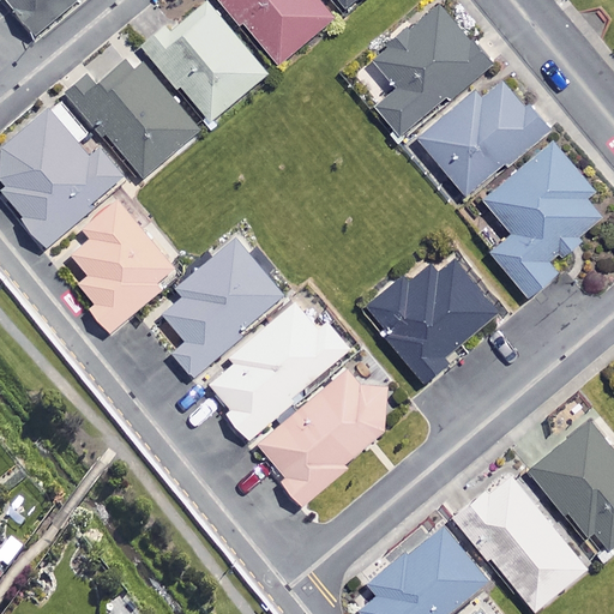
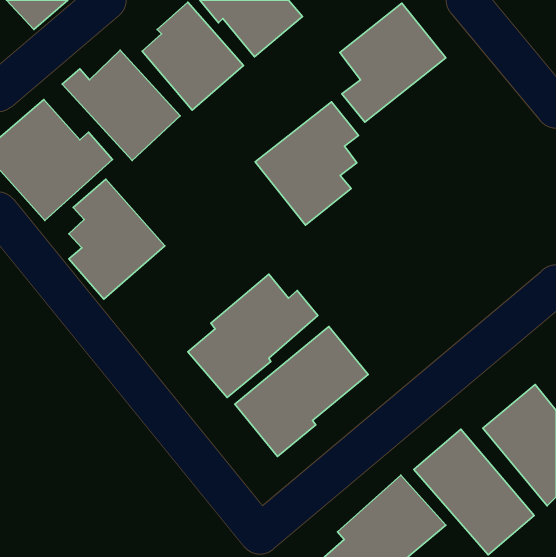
building: [420,76,544,194] -> none
building: none -> [255,102,359,225]
building: [483,142,604,296] -> none
building: [150,237,284,378] -> none
building: [365,259,500,381] -> none

